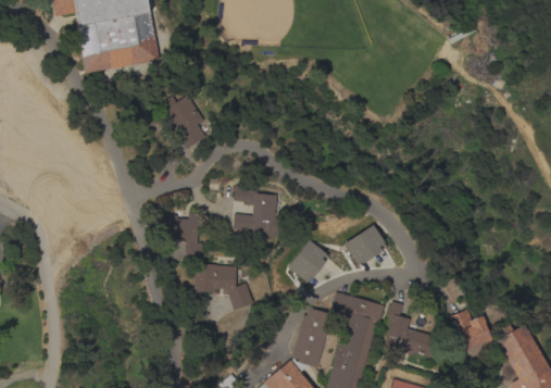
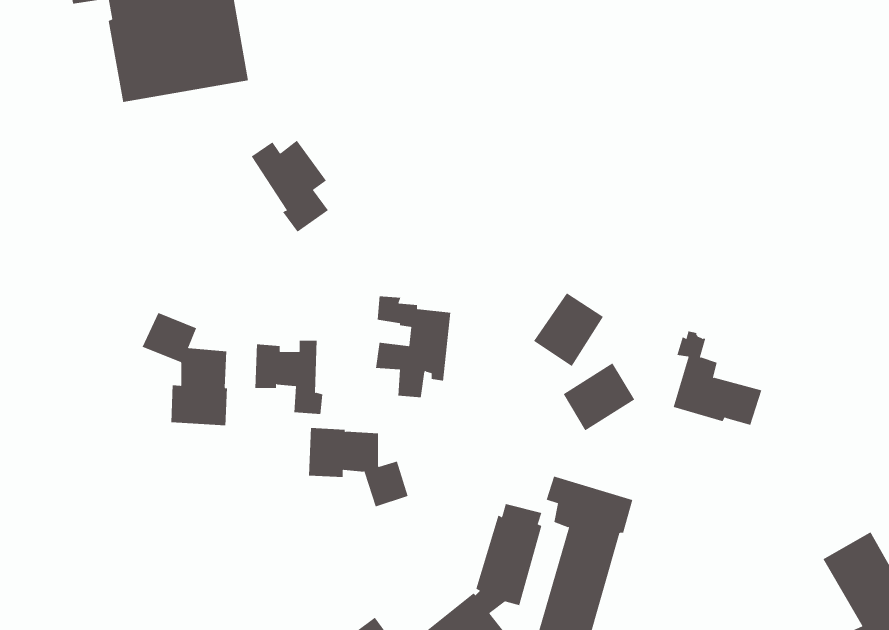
building: none -> [142,312,227,426]
building: [287,240,328,284] -> [533,293,604,367]
building: [385,301,437,356] -> [673,331,762,426]
building: [448,309,491,352] -> none

